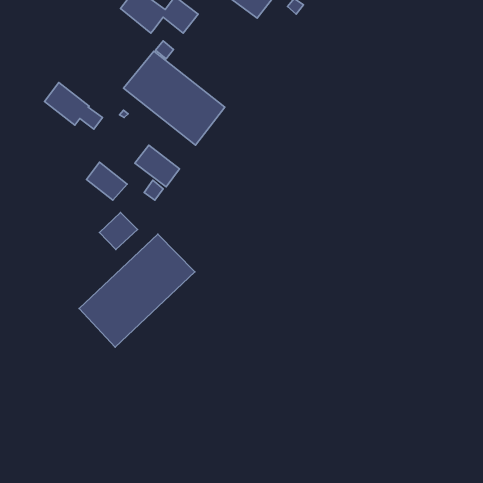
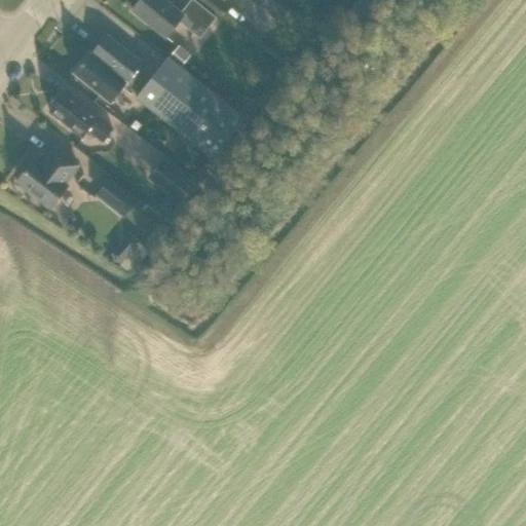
building: none -> [72,33,140,101]
building: none -> [14,147,76,206]
building: [79,234,195,347] -> none

